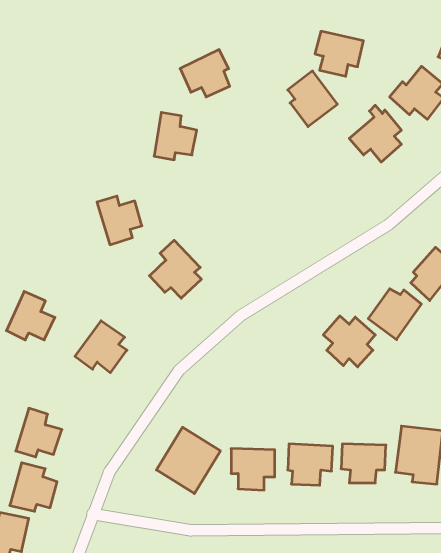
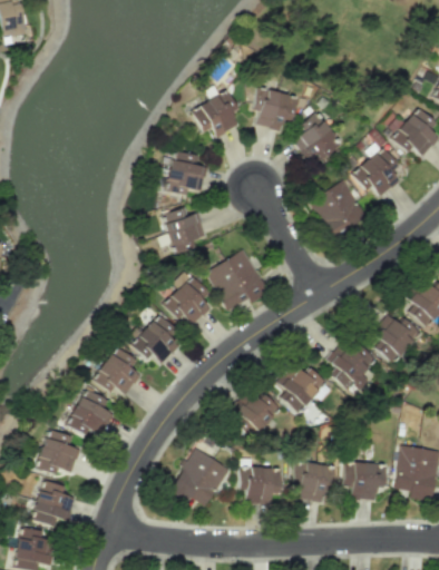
building: [315,31,363,76] -> [252,88,297,130]
building: none -> [310,180,367,238]
building: [97,196,142,245] -> [162,208,204,254]
building: none -> [205,249,270,311]
building: none -> [133,314,177,364]
building: [6,291,55,340] -> [68,389,114,434]
building: none -> [277,364,326,413]
building: none -> [230,393,281,439]

